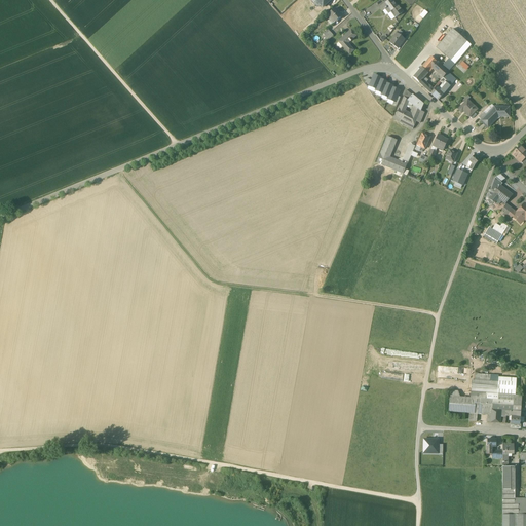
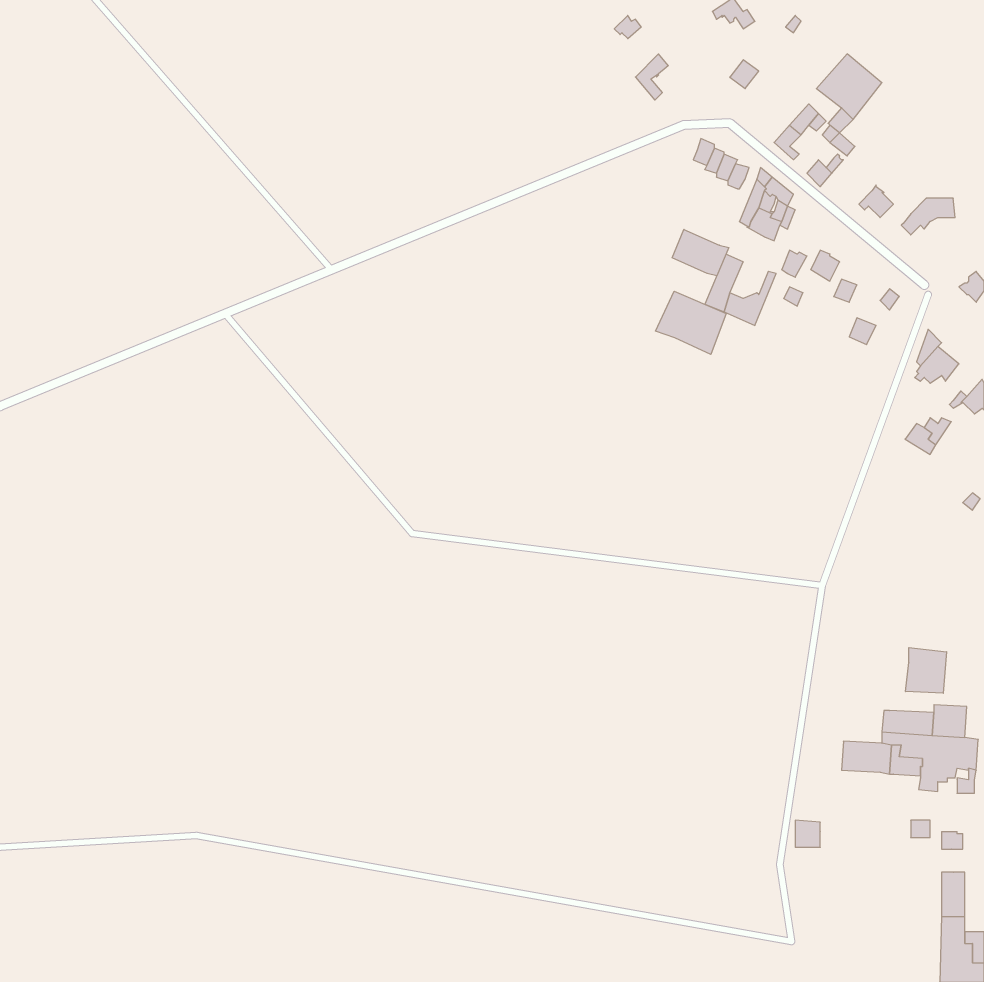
building: none -> [672,229,729,276]
building: none -> [655,291,726,354]
building: none -> [906,648,947,693]

